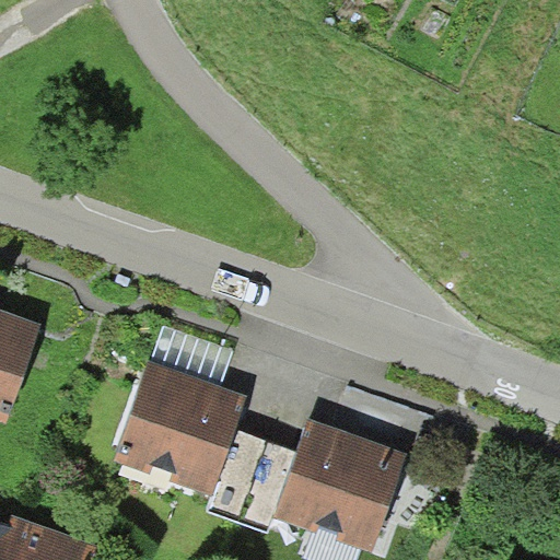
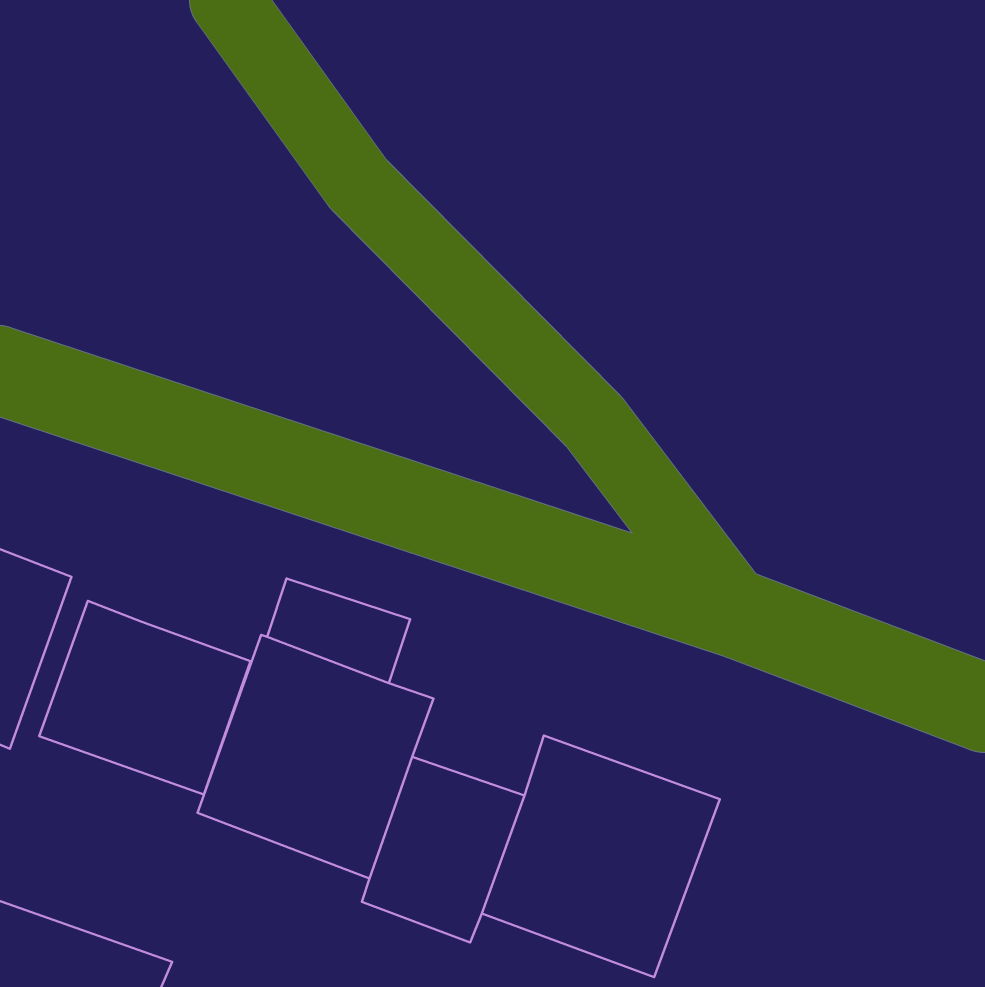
building: none -> [39,601,250,795]

